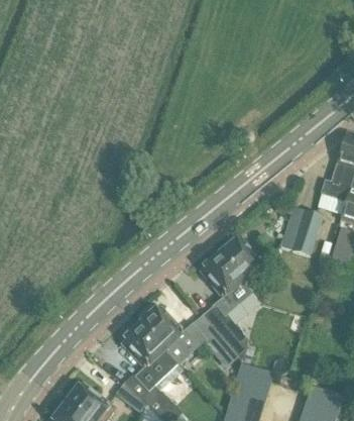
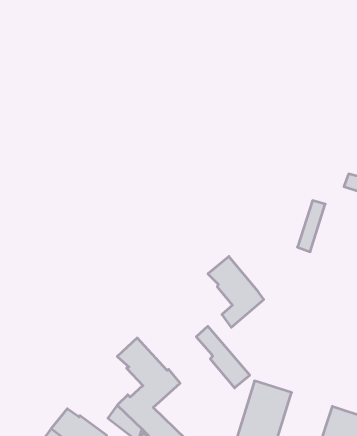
building: [290,208,321,254] -> none
building: [220,239,266,284] -> none
building: [202,304,247,360] -> none
building: [140,309,205,363] -> none

